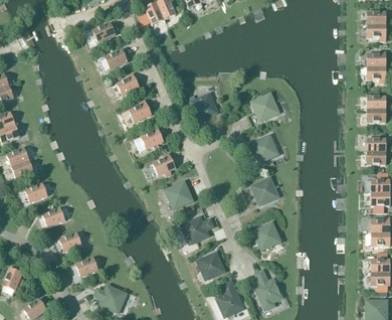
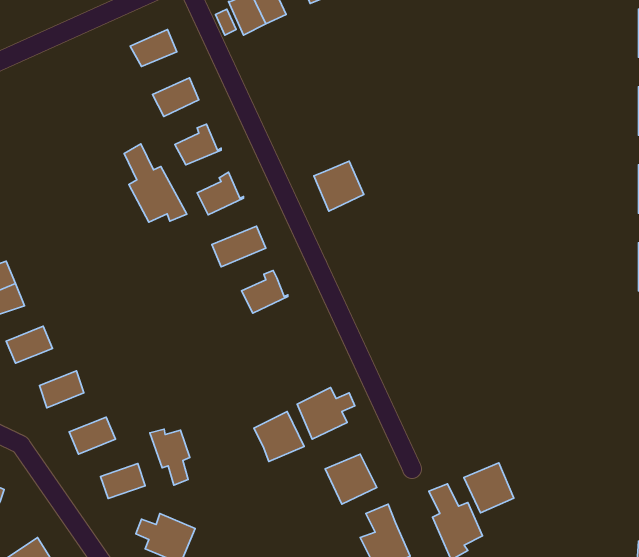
building: none -> [124,144,187,222]
building: [251,94,279,121] -> none
building: [251,135,278,162] -> none
building: [251,177,278,204] -> none
building: [166,181,193,208] -> [254,411,304,461]
building: [253,222,280,250] -> [464,463,514,513]
building: none -> [150,429,190,485]

